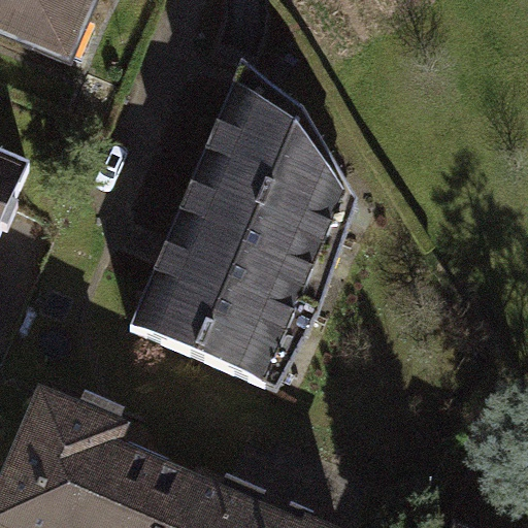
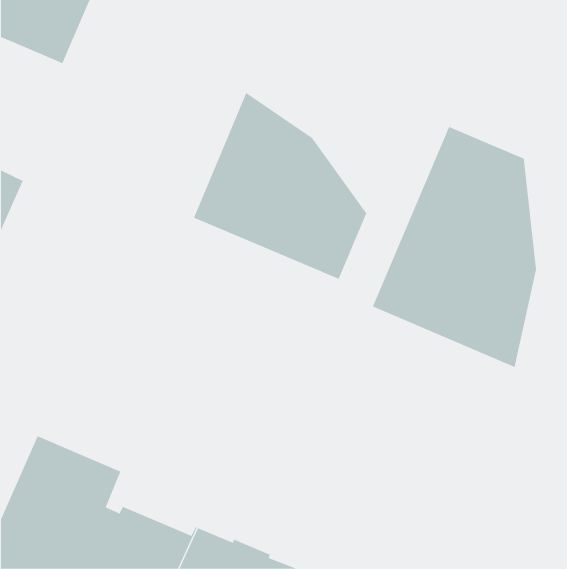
building: none -> [372,126,537,368]
building: [128,200,318,385] -> none

